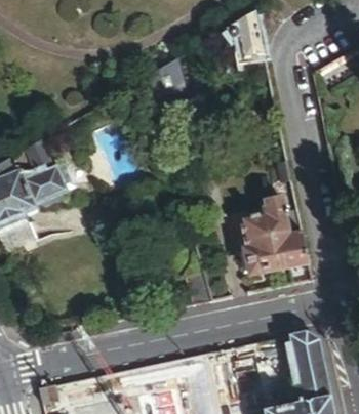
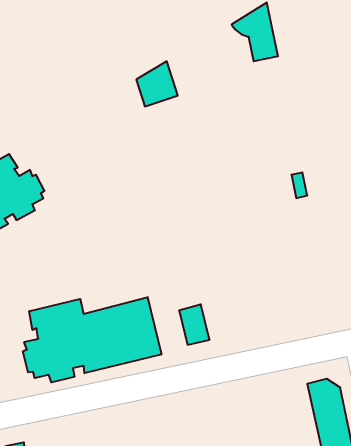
building: [242,199,308,273] -> none
building: none -> [23,297,161,382]

